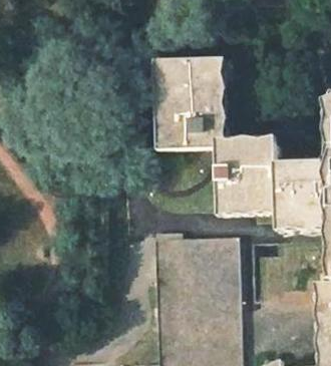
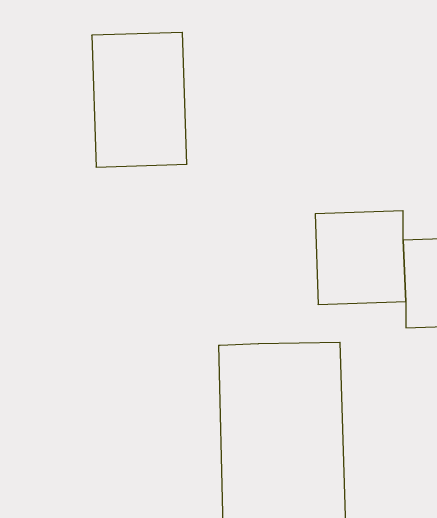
building: [155,58,221,150] -> [92,32,187,167]

